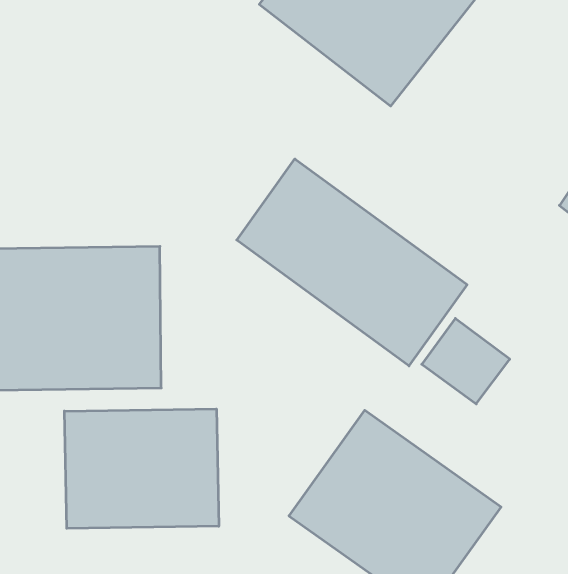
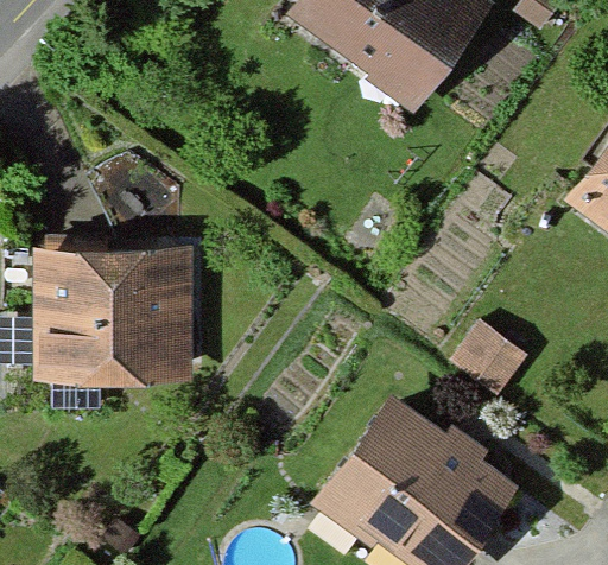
building: [237,159,467,366] -> none
building: [64,409,219,528] -> none

